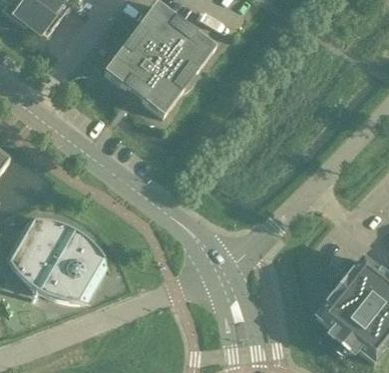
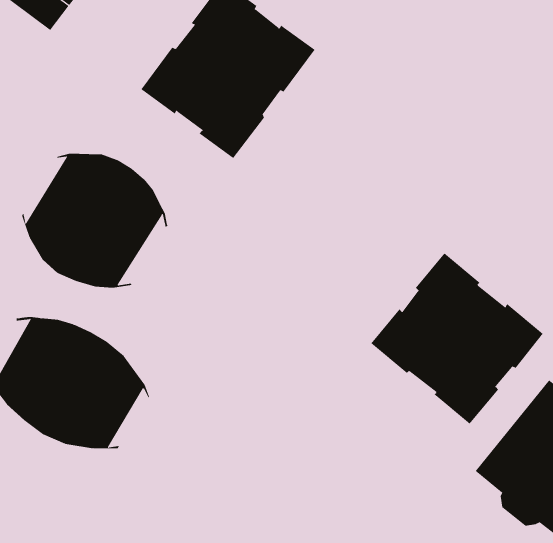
building: none -> [21,153,168,289]
building: none -> [371,253,544,425]

